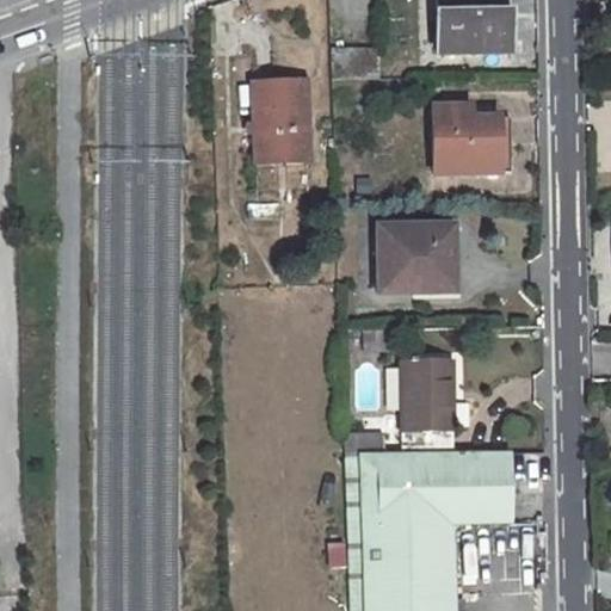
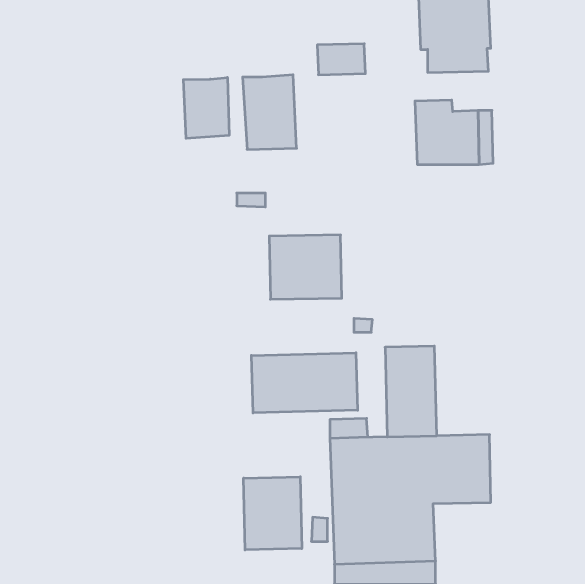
building: none -> [183,77,229,138]
building: [379,224,455,291] -> [269,235,342,299]
building: none -> [251,353,358,413]
building: none -> [244,477,302,550]

